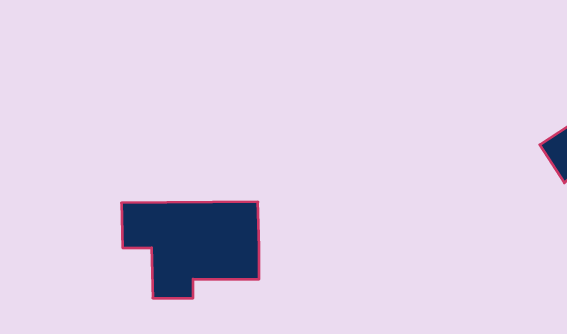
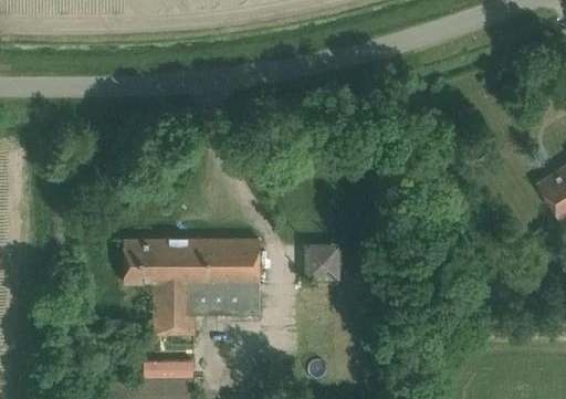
building: none -> [304,241,340,276]

